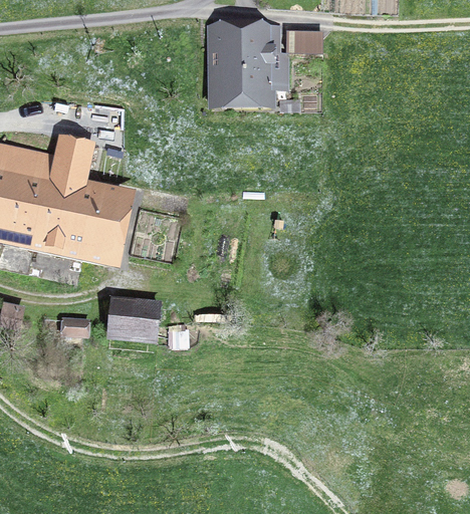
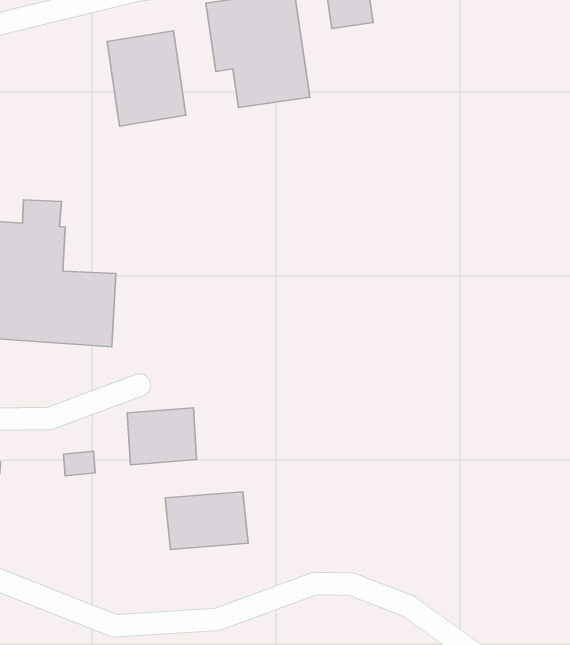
building: none -> [107,31,186,126]
building: none -> [165,492,248,549]

